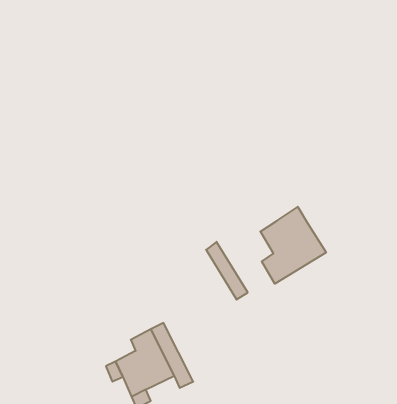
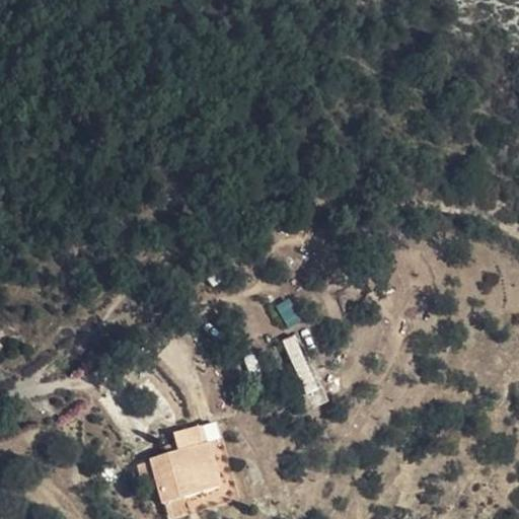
building: [260,207,326,284] -> none

